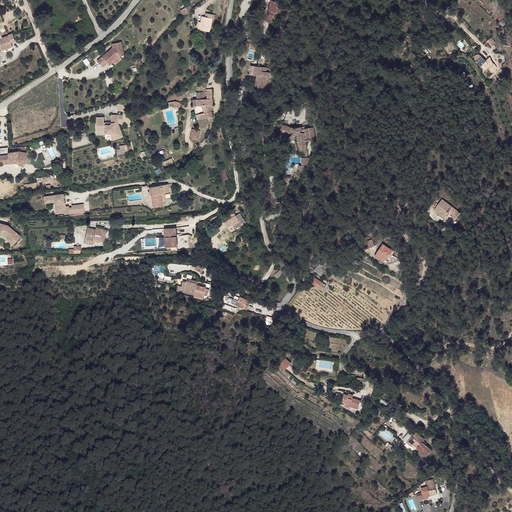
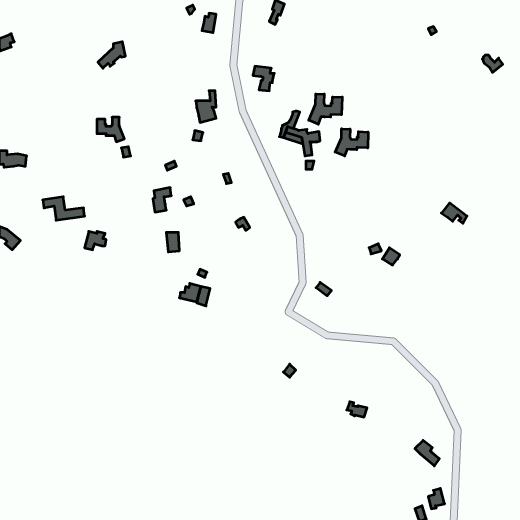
building: none -> [309,94,342,124]
building: none -> [335,129,368,156]

